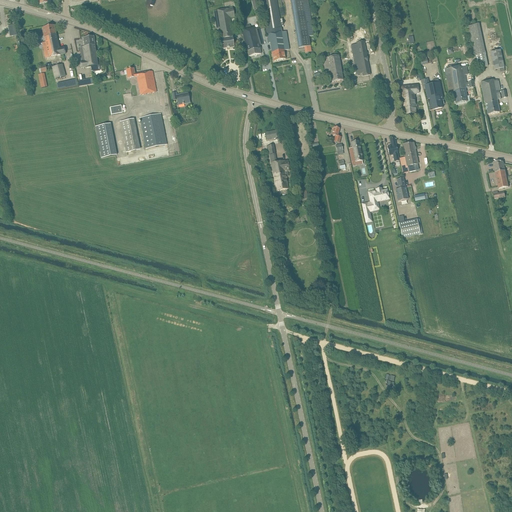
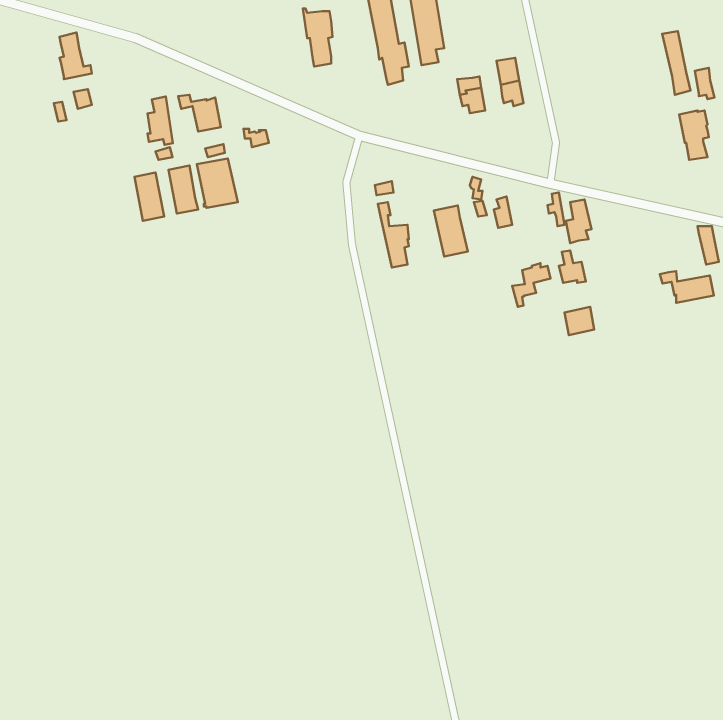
building: [241,23,263,55] -> none
building: [80,34,98,68] -> [148,97,173,145]
building: [444,65,473,103] -> none
building: [423,77,444,109] -> none
building: [401,83,419,113] -> none
building: none -> [434,205,468,257]
building: none -> [660,271,714,303]

